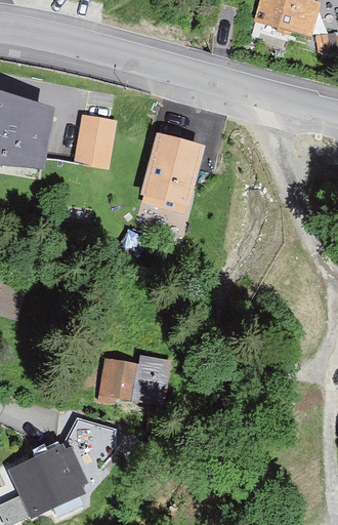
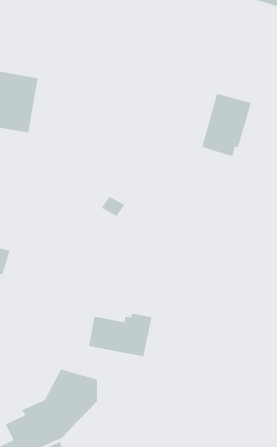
building: [75,117,114,168] -> none
building: [141,143,196,211] -> [201,93,252,157]

